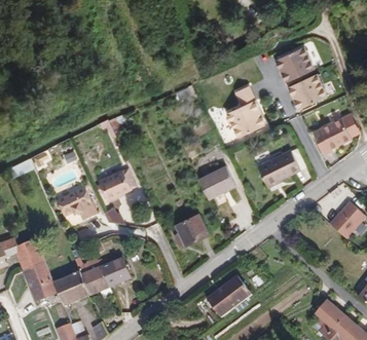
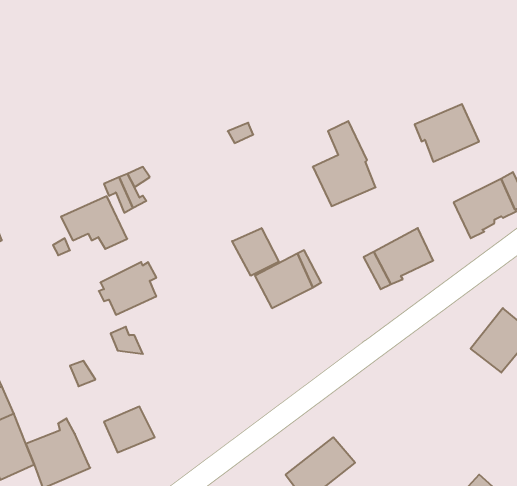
building: [279,47,316,83] -> none
building: none -> [232,228,279,276]
building: [57,189,97,221] -> [61,196,127,249]
building: [174,219,207,251] -> none
building: [83,267,109,293] -> none

